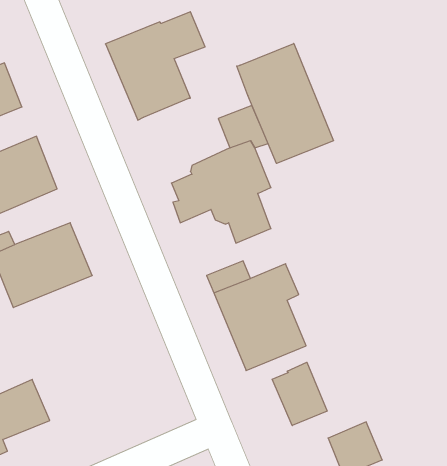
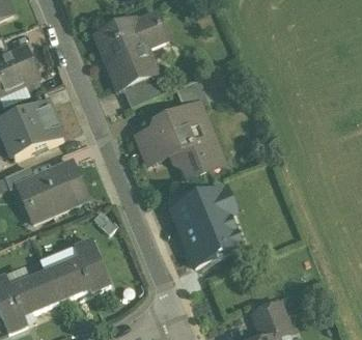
building: [237,43,333,163] -> none
building: none -> [122,73,163,106]
building: none -> [44,251,109,301]
building: [272,362,327,426] -> none

